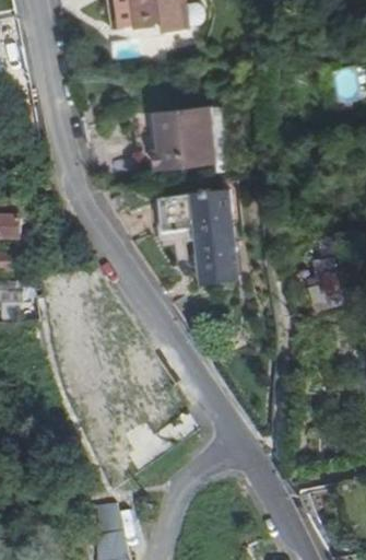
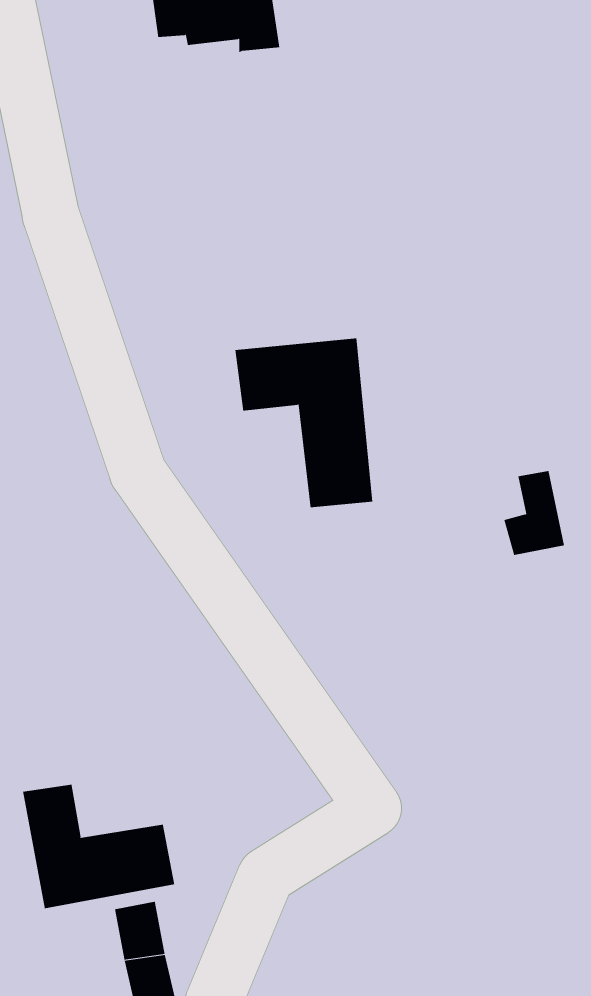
building: [153,109,214,168] -> none
building: none -> [23,784,175,909]

